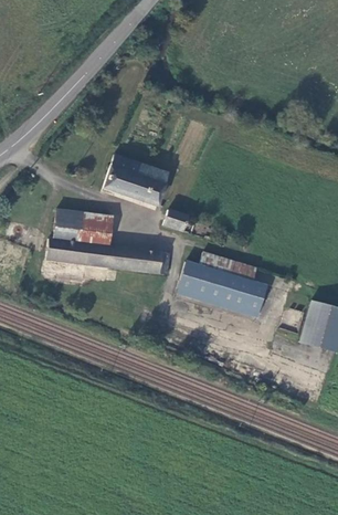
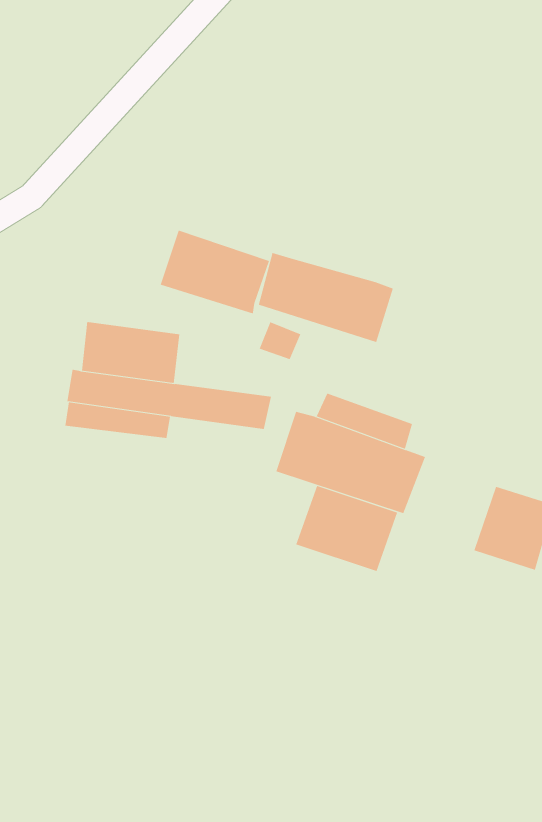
building: none -> [258,252,394,343]
building: none -> [296,485,398,572]

